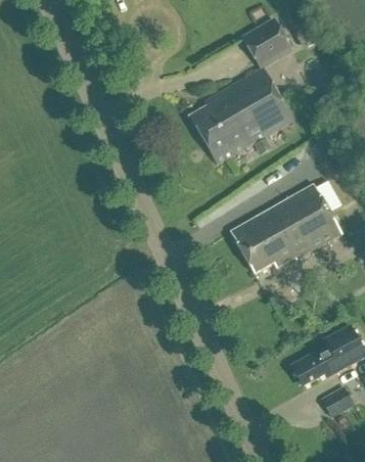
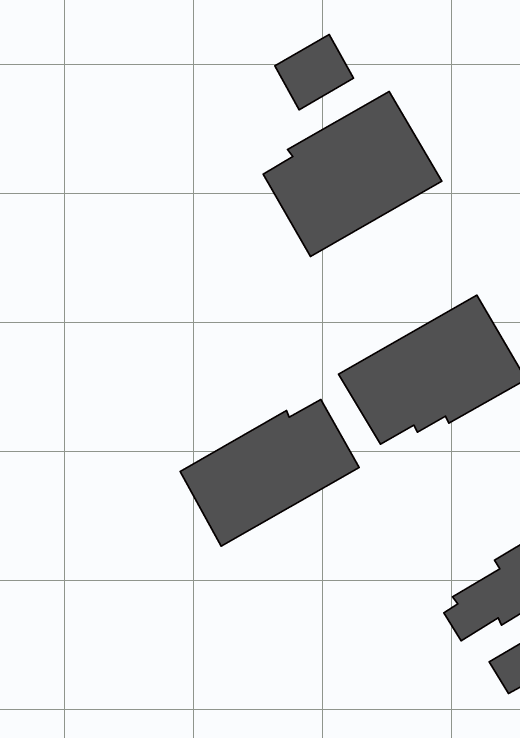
building: [242,19,288,63] -> [275,34,354,110]
building: none -> [180,400,359,546]

